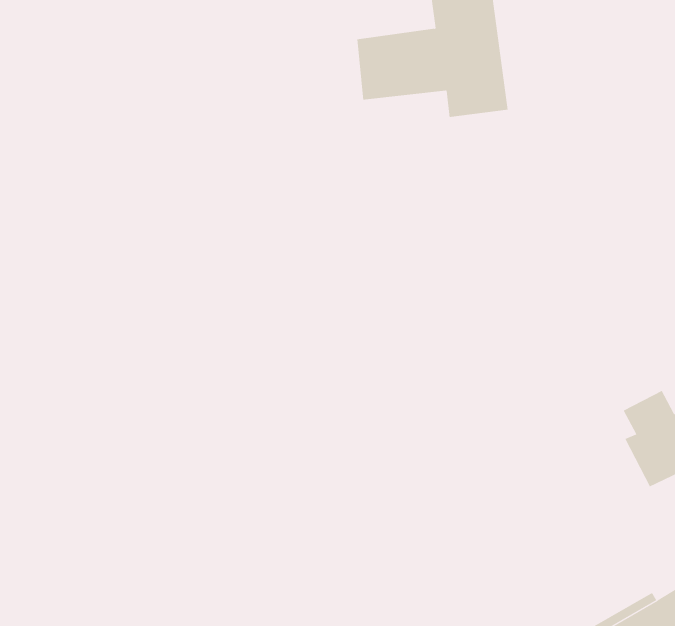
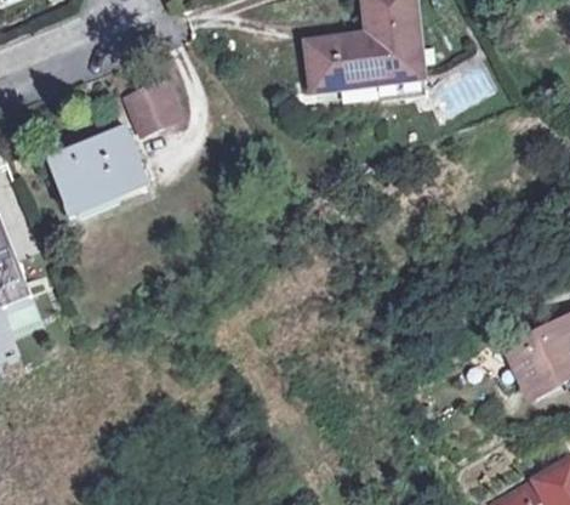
building: none -> [127,83,178,132]
building: none -> [56,131,148,211]

